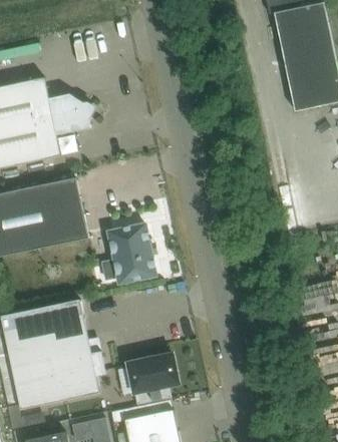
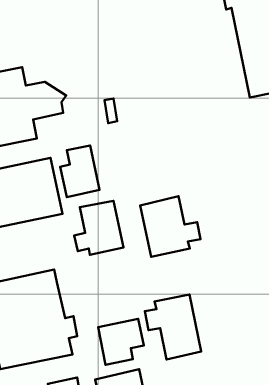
building: none -> [60,145,100,197]
building: none -> [140,196,201,257]
building: none -> [145,294,201,360]

